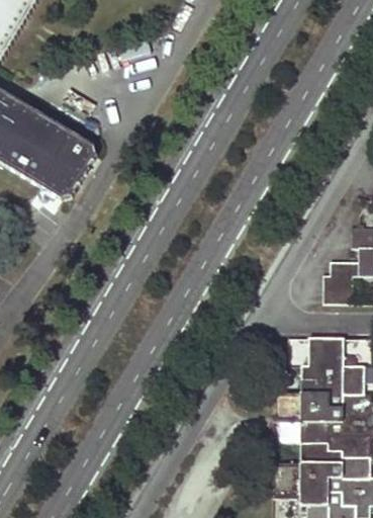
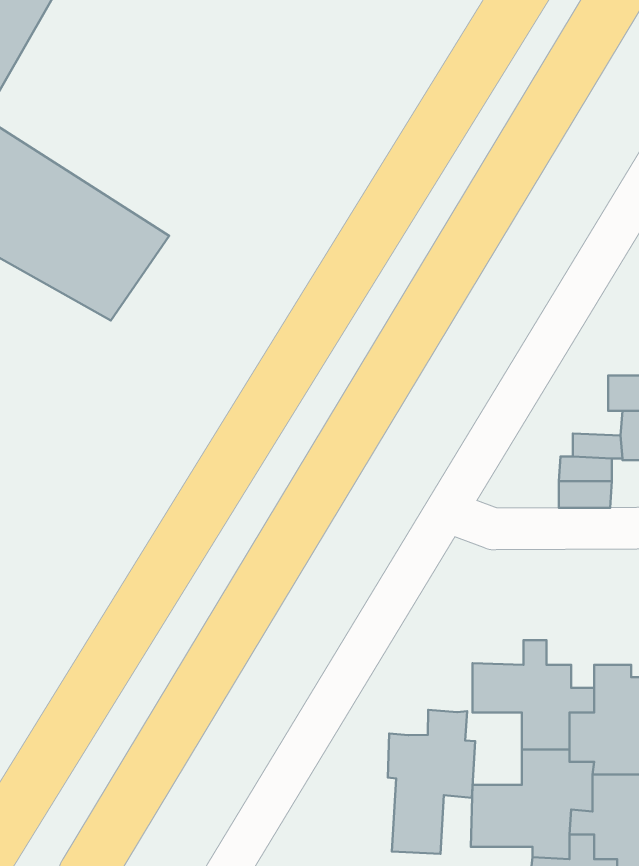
building: [302,338,364,408] -> none
building: none -> [388,710,475,854]

